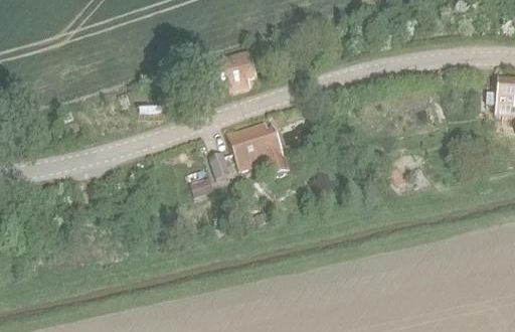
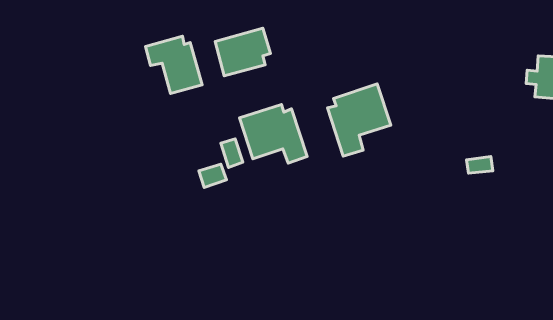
building: none -> [146,36,202,94]
building: none -> [328,84,391,156]

